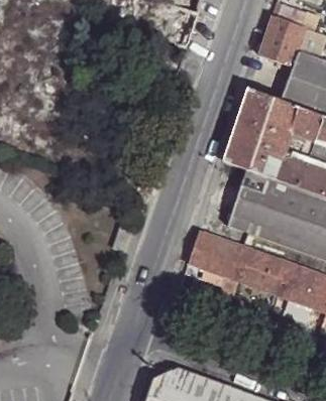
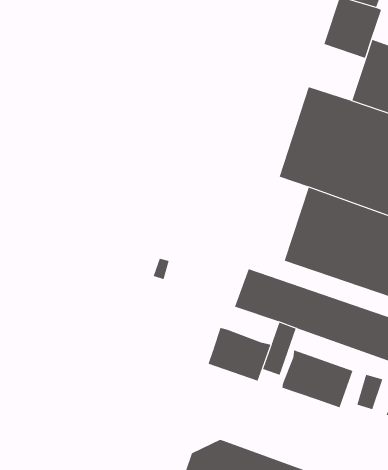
building: none -> [208,327,271,382]
building: none -> [282,350,353,408]

